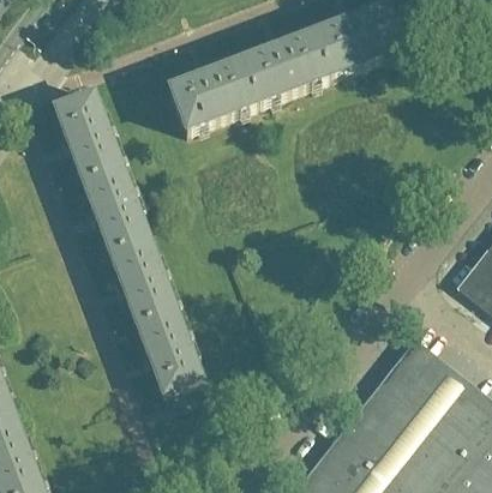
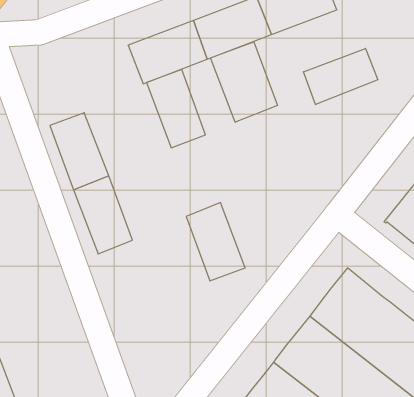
building: none -> [211,42,278,122]
building: [52,95,118,182] -> [147,70,205,148]
building: none -> [303,48,378,105]
building: [133,311,199,398] -> [186,203,245,281]

